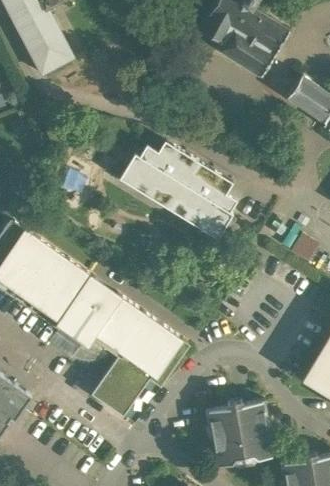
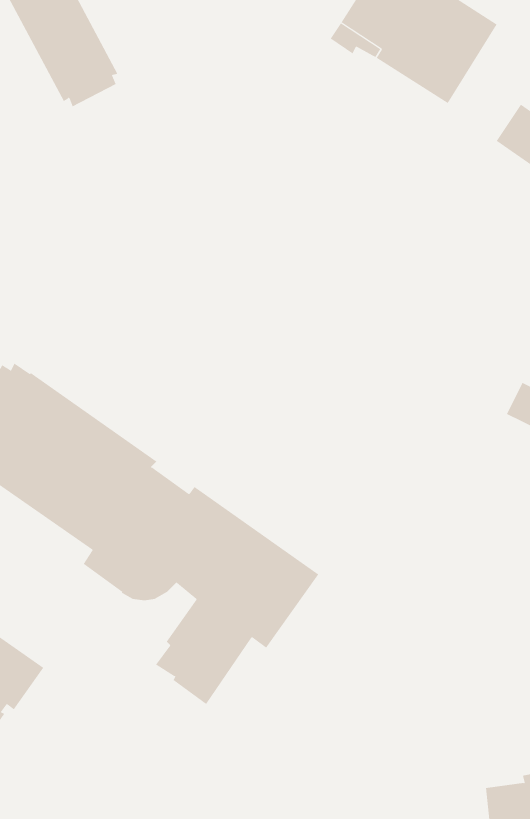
building: [119,142,232,239] -> none
building: [205,400,272,466] -> none

